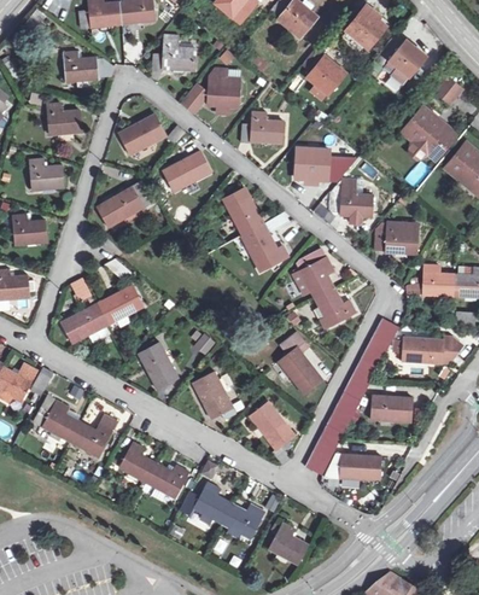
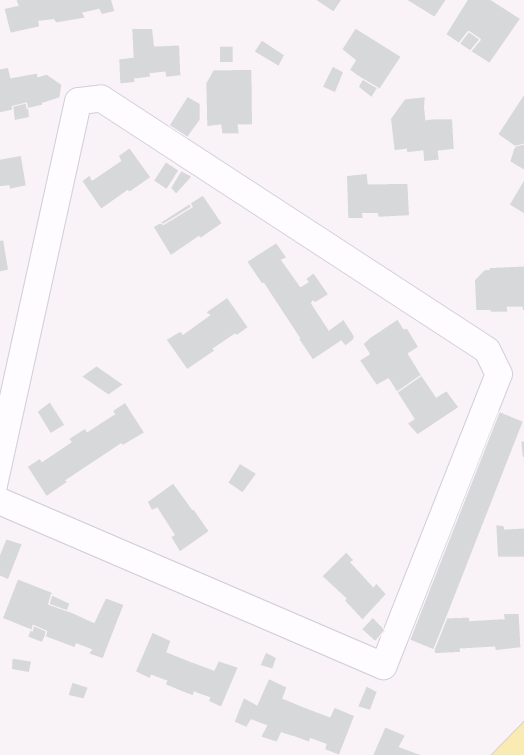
building: [240,111,284,142] -> none
building: [331,179,373,222] -> [390,97,454,161]
building: [95,181,152,227] -> [166,297,249,370]
building: [280,332,322,393] -> none
building: [193,372,236,419] -> none

